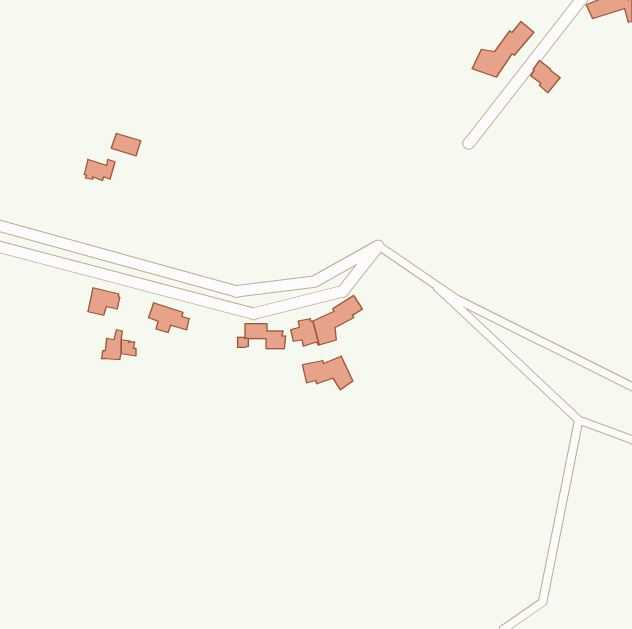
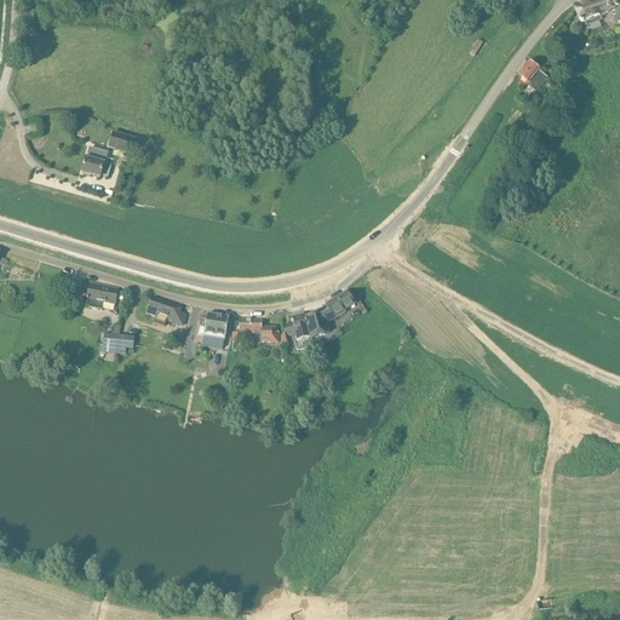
building: [472,21,534,77] -> none
building: none -> [197,312,229,348]
building: [303,356,353,390] -> none

